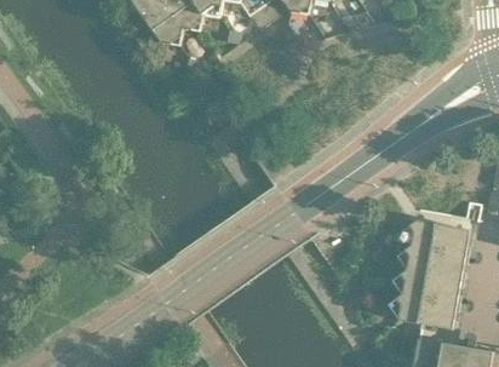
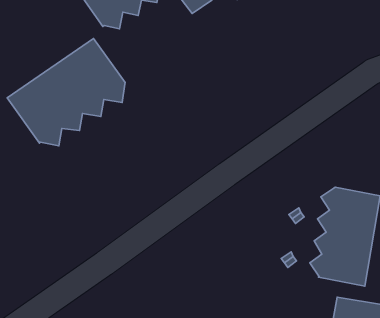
building: none -> [7,38,125,146]

